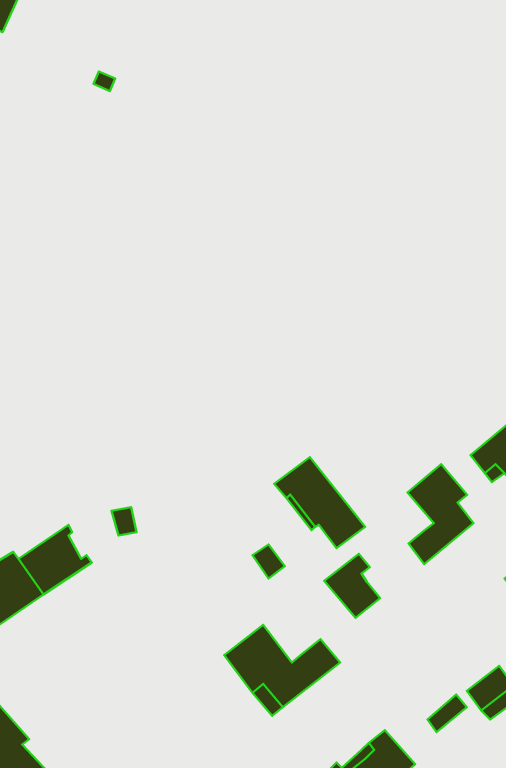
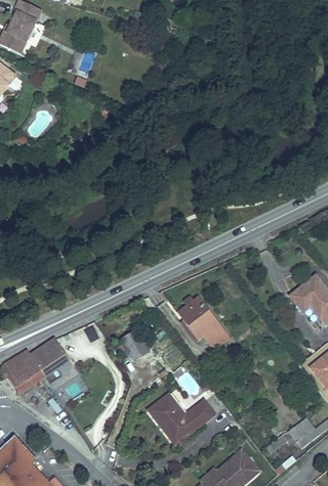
building: [407,464,473,564] -> none
building: none -> [121,328,149,360]
building: [324,554,380,618] -> none

